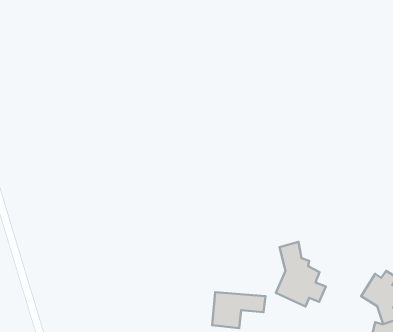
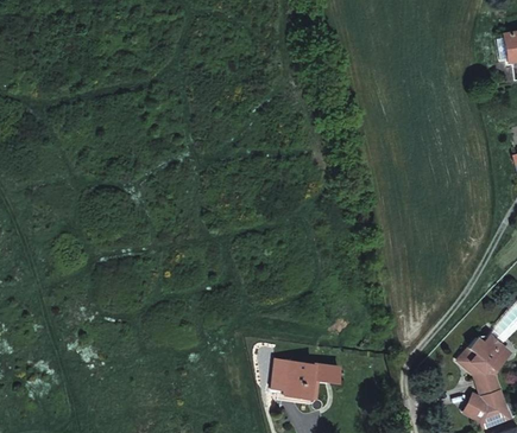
building: [276,242,326,307] -> none

